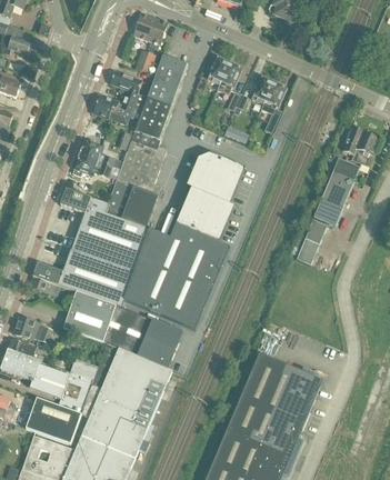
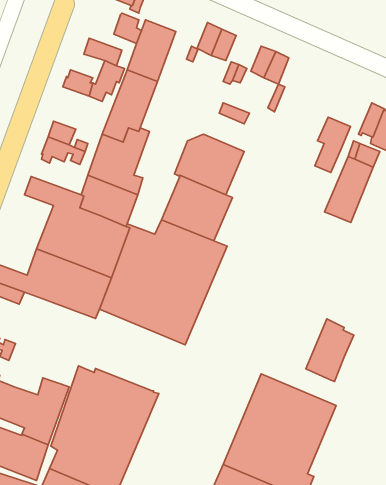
building: [296,218,326,264] -> [315,117,350,173]
building: [61,291,182,369] -> none
building: none -> [306,319,354,381]

